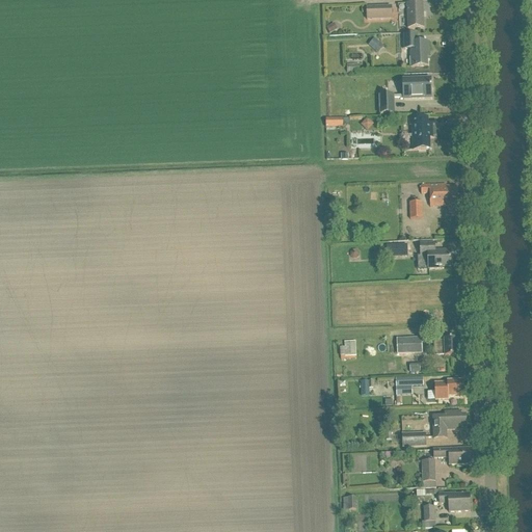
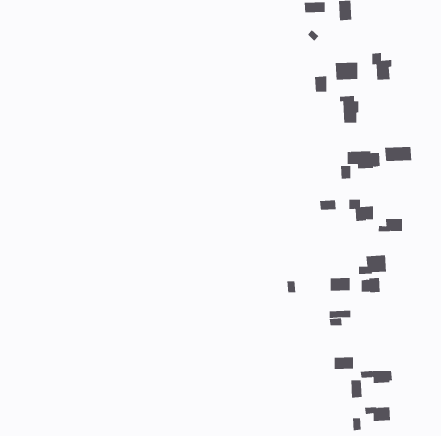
building: [404,31,429,64] -> [371,53,392,80]
building: none -> [384,146,412,162]
building: none -> [378,218,403,232]
building: none -> [358,254,387,275]
building: [434,378,464,398] -> none
building: [432,409,466,436] -> none

